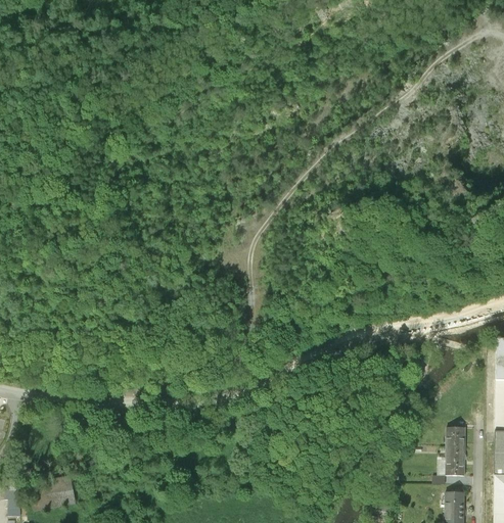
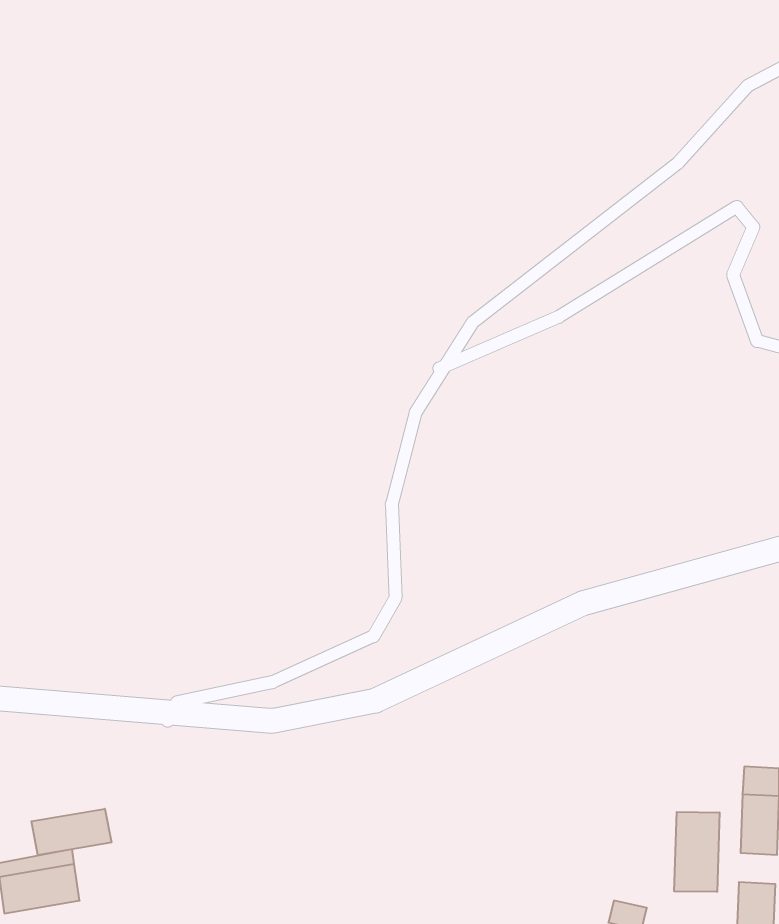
building: none -> [31,809,111,855]
building: none -> [674,812,720,892]

